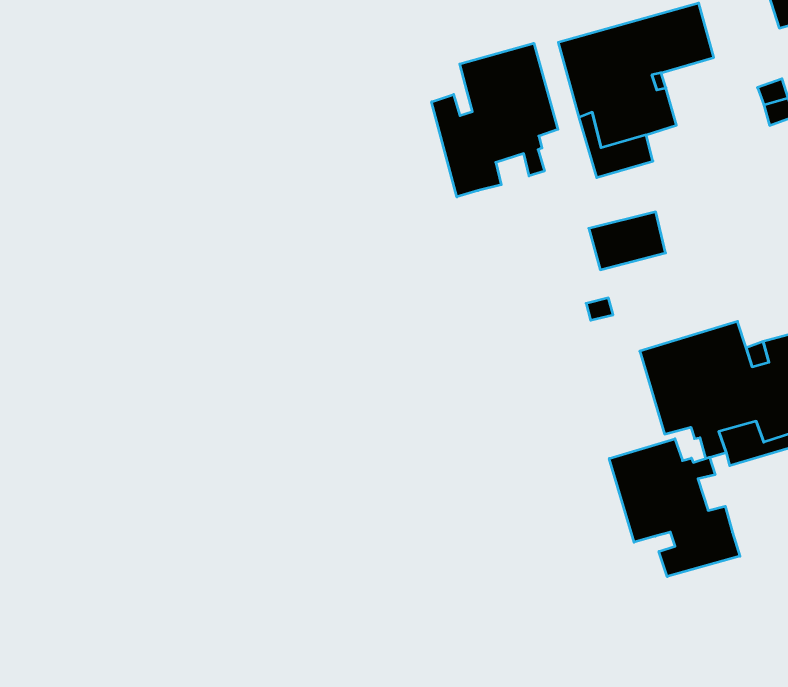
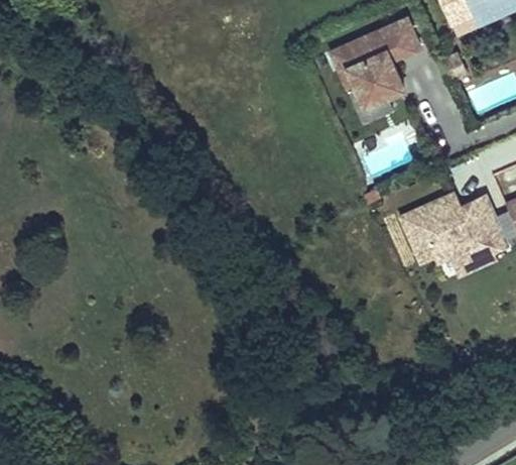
building: [432,43,558,197] -> none
building: [609,439,740,577] -> none

